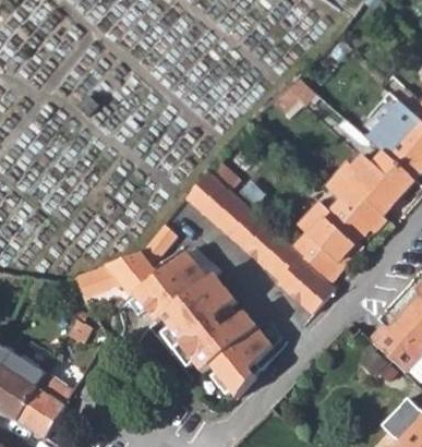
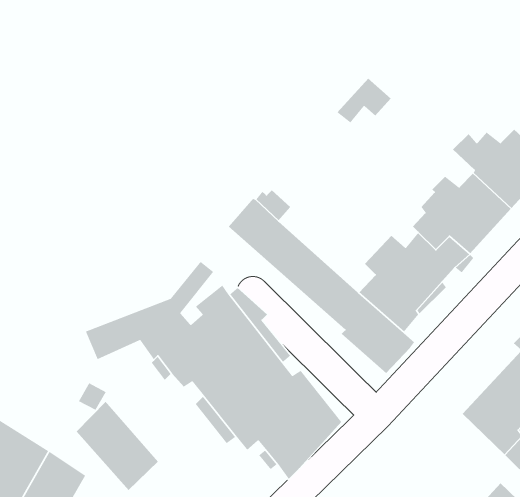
building: none -> [76,401,159,491]

